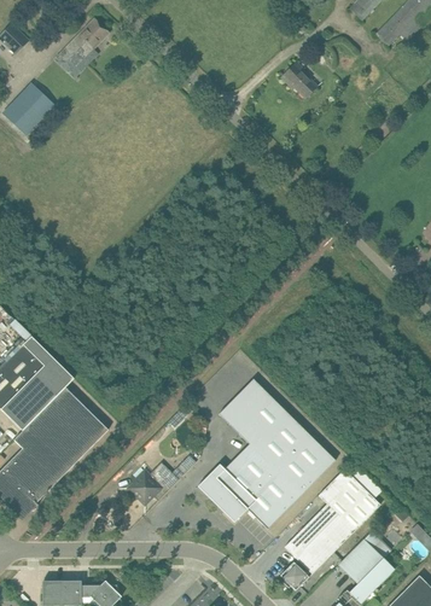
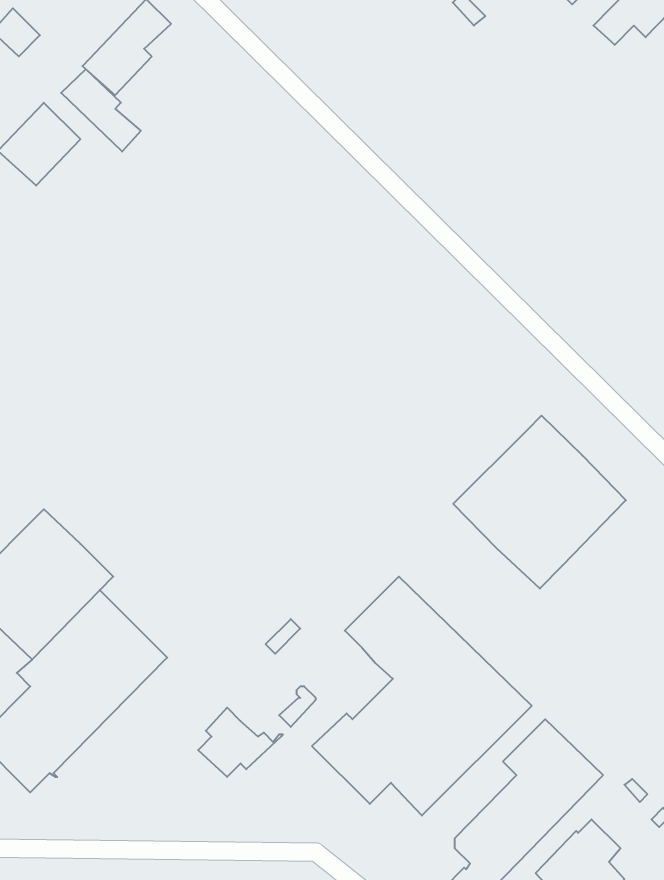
building: none -> [61,69,141,152]
building: [281,62,316,98] -> none
building: none -> [453,416,626,589]

